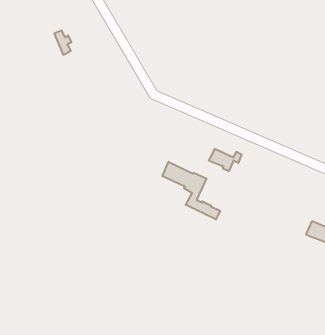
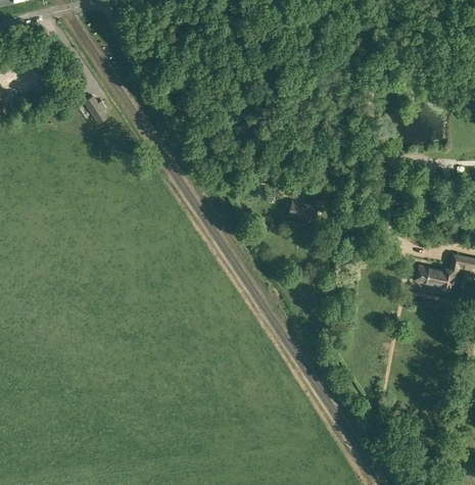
building: [162,162,220,220] -> none

